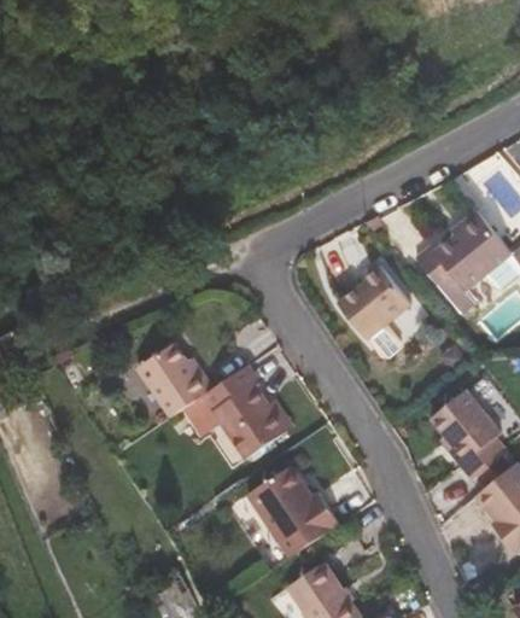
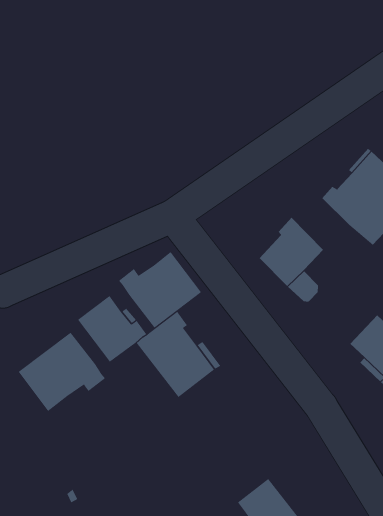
building: none -> [118,251,202,328]
building: none -> [18,332,106,412]
building: [244,465,334,558] -> none

